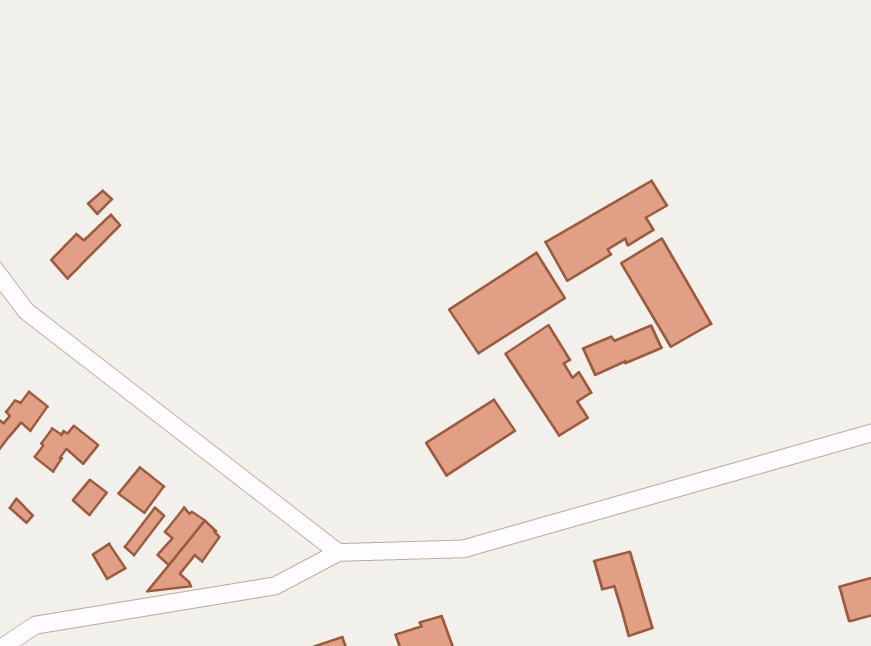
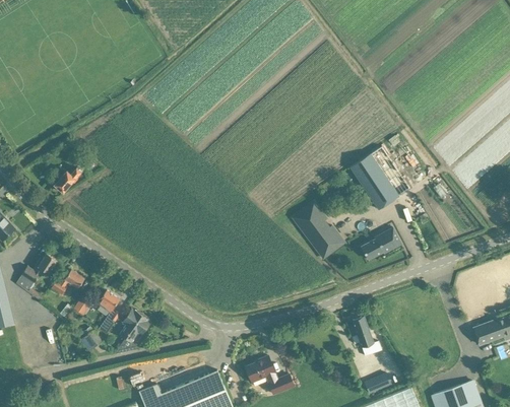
building: [545,181,667,281] -> none
building: [449,253,565,353] -> none
building: [583,326,662,375] -> [361,232,401,260]
building: [426,400,515,476] -> none

